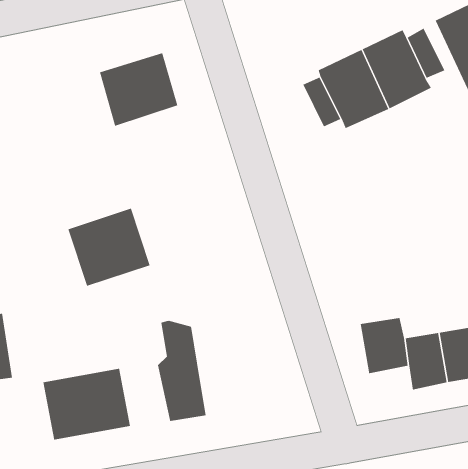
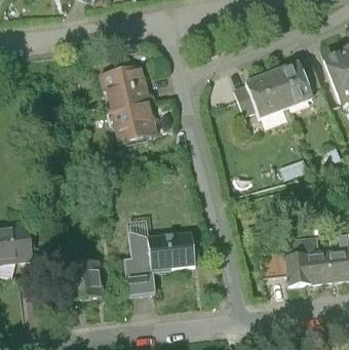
building: [68,208,150,287] -> [109,98,159,145]
building: none -> [147,232,198,272]

